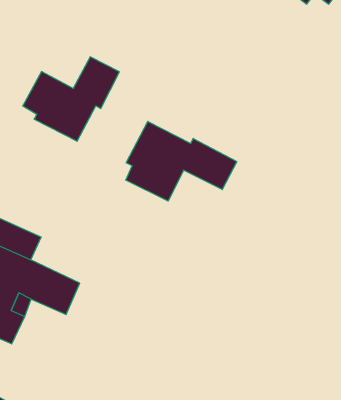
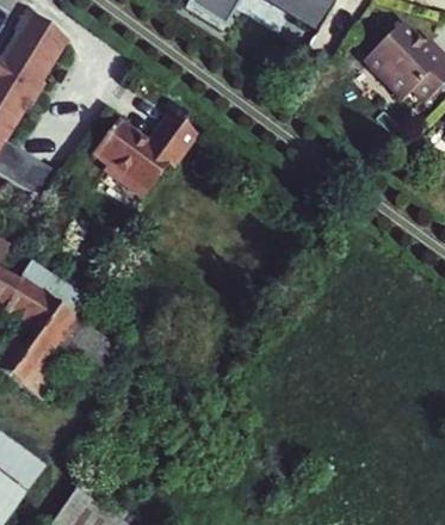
building: [126,121,237,201] -> none

